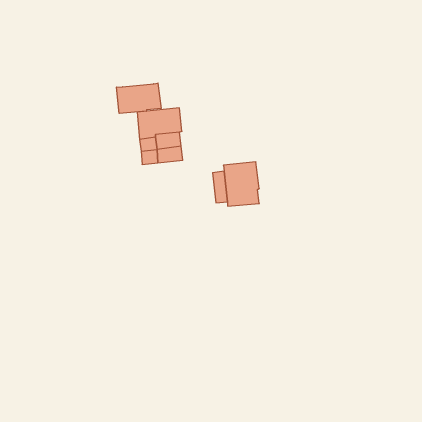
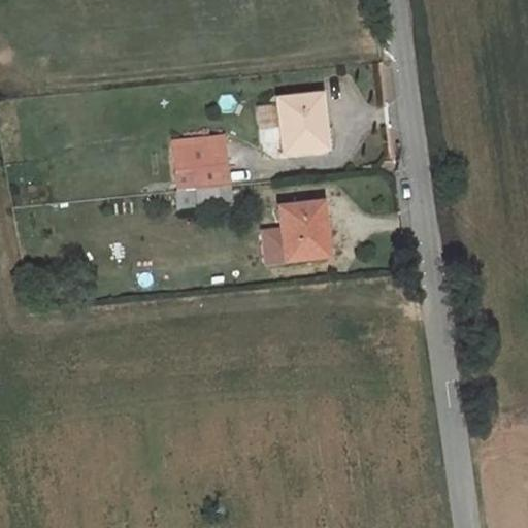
building: none -> [280,94,325,150]
building: [117,83,161,113] -> none

